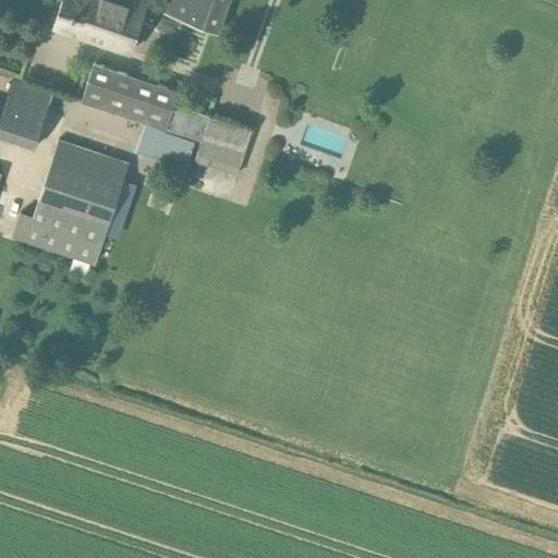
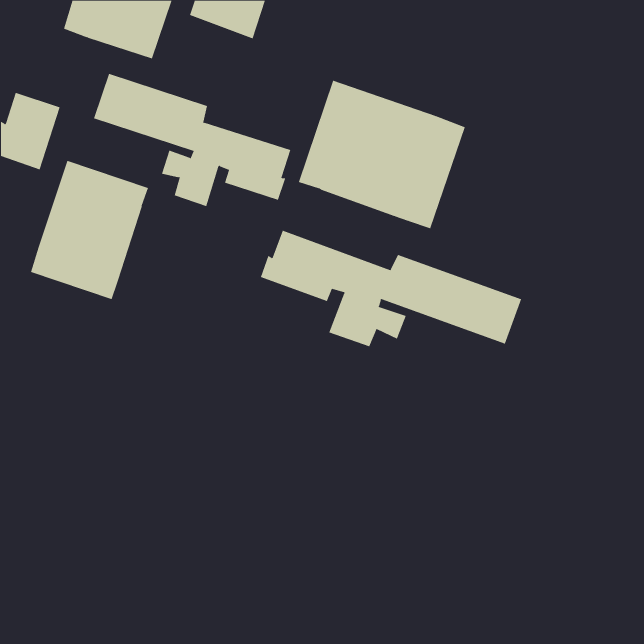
building: none -> [298,80,465,229]
building: none -> [260,230,522,347]

